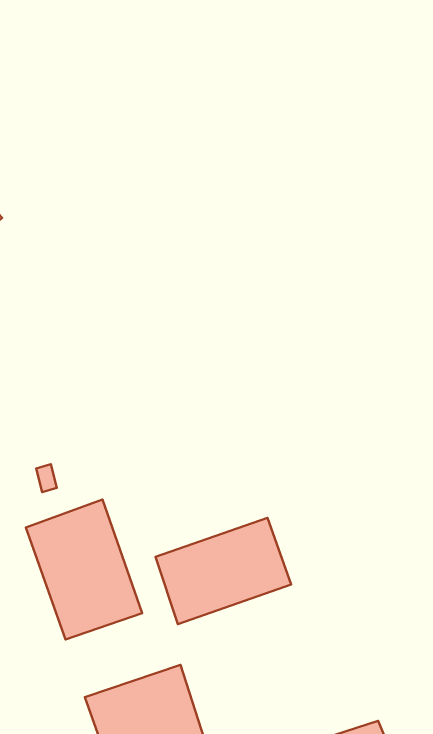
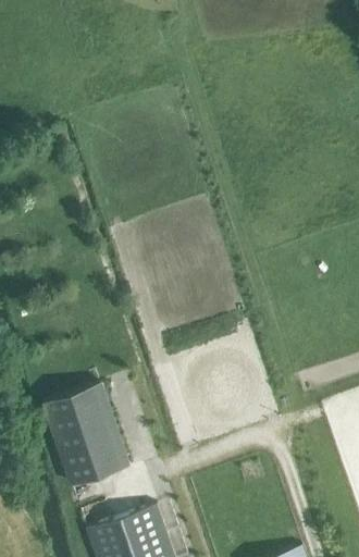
building: [155,518,291,624] -> none

